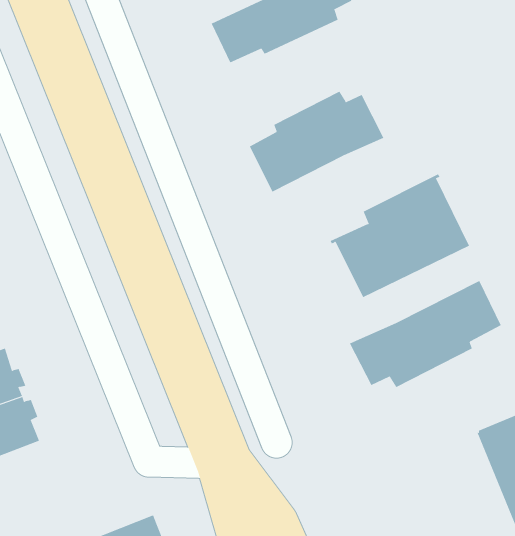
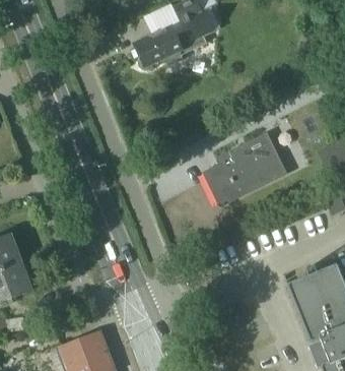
building: [249,91,384,193] -> none
building: [349,280,502,388] -> none

